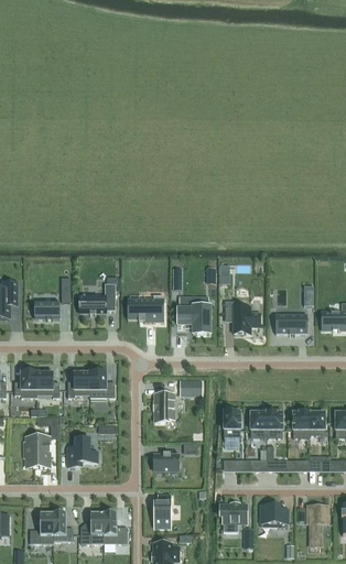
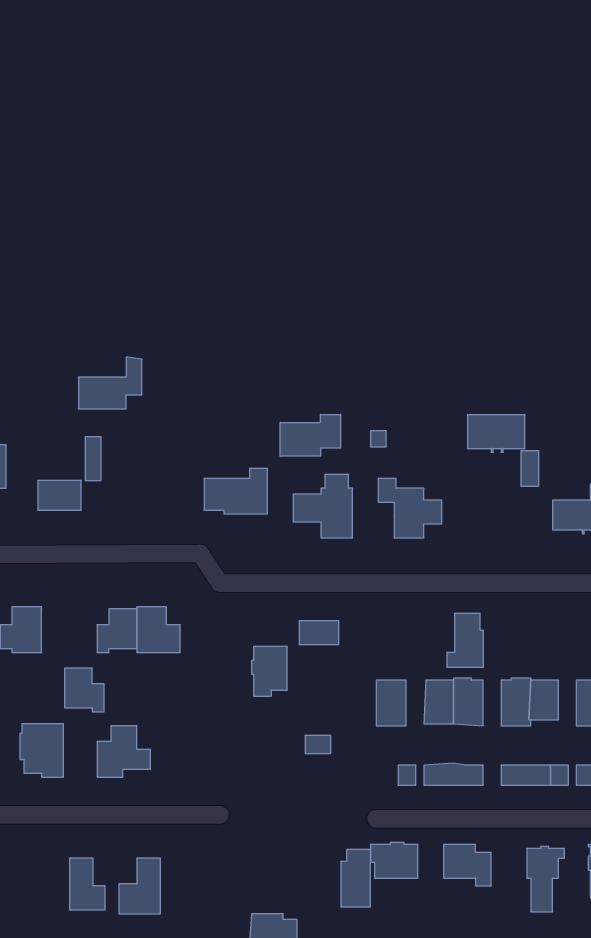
building: none -> [280,414,340,456]
building: [79,283,115,312] -> [78,357,142,409]
building: [275,314,307,335] -> [467,415,525,452]
building: [37,372,60,397] -> [65,668,104,712]
building: none -> [447,613,483,667]
building: [154,452,179,469] -> none
building: [154,495,171,527] -> [341,850,370,907]
building: [30,511,54,542] -> none
building: [104,511,127,542] -> none

